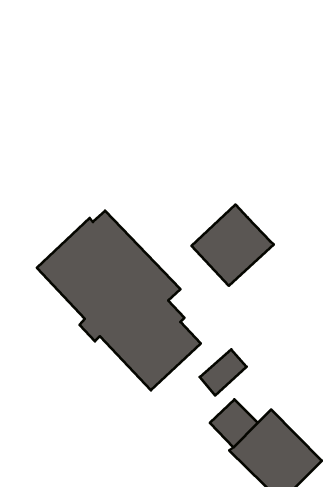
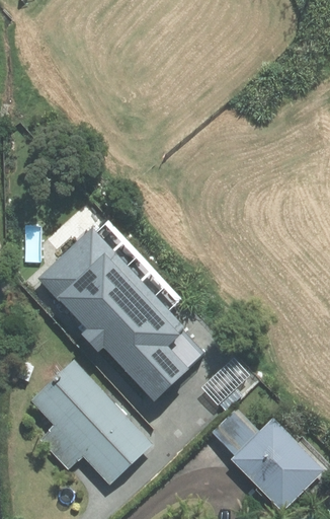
building: [192,205,274,286] -> none
building: none -> [29,361,151,484]

